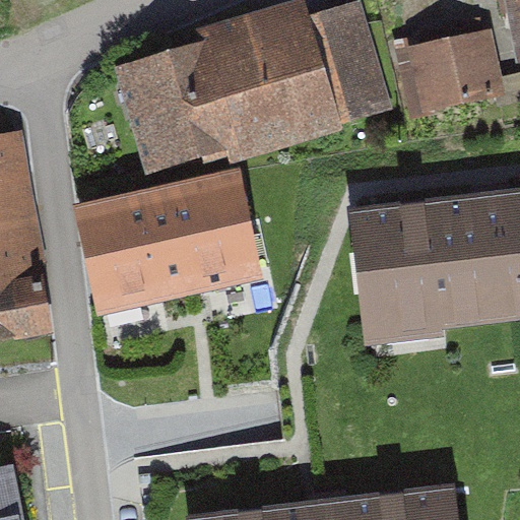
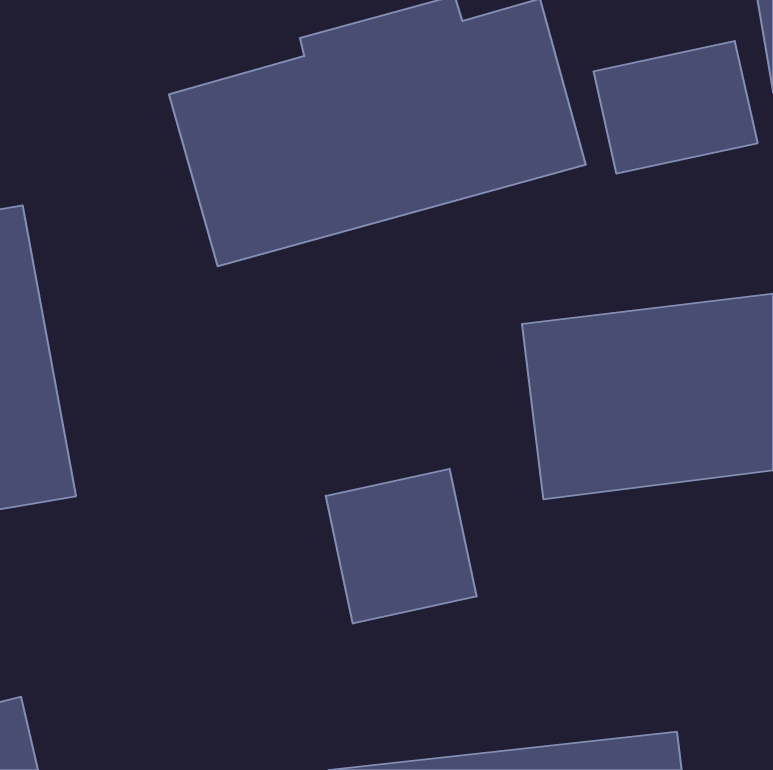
building: [77,167,271,320] -> none
building: none -> [326,469,477,624]

